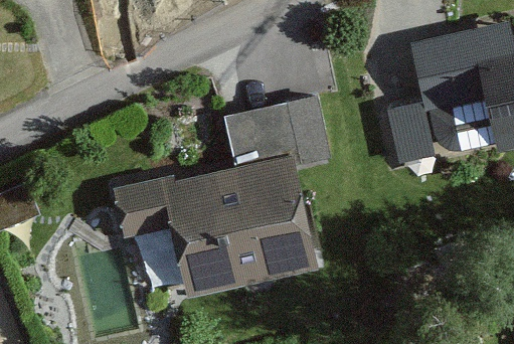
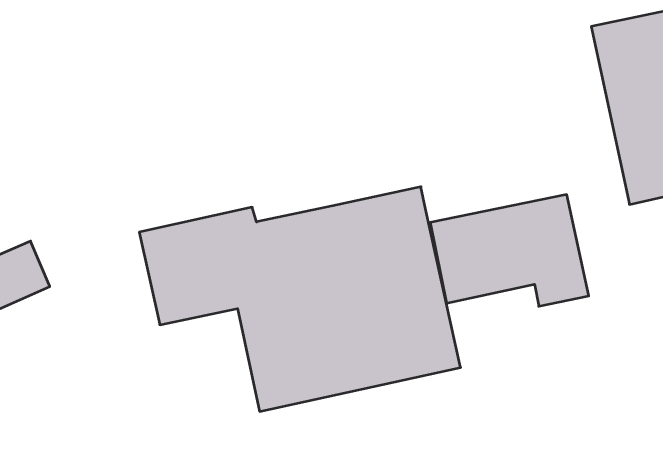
building: [222,91,331,167] -> [430,195,589,306]

